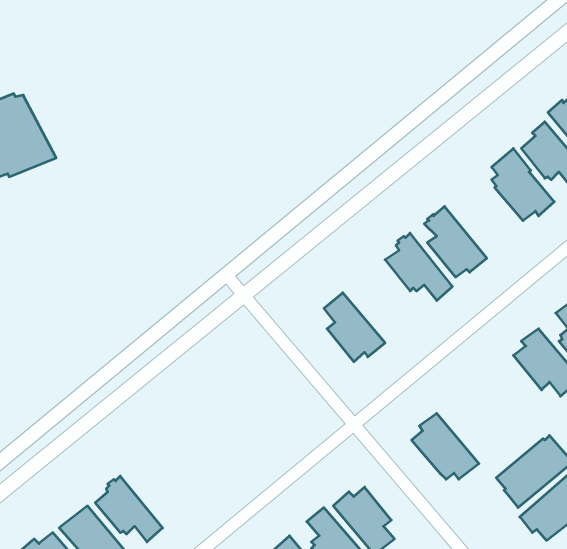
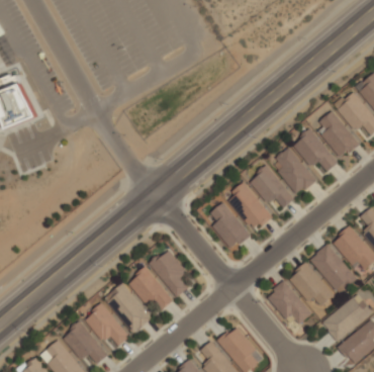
building: none -> [294,127,338,170]
building: none -> [228,181,273,226]
building: none -> [310,243,357,289]
building: none -> [149,250,188,296]
building: none -> [290,262,333,305]
building: none -> [129,266,173,308]
building: none -> [105,283,151,332]
building: none -> [86,302,129,345]

